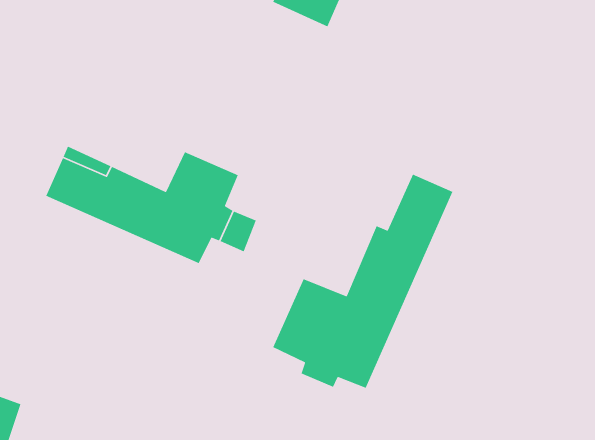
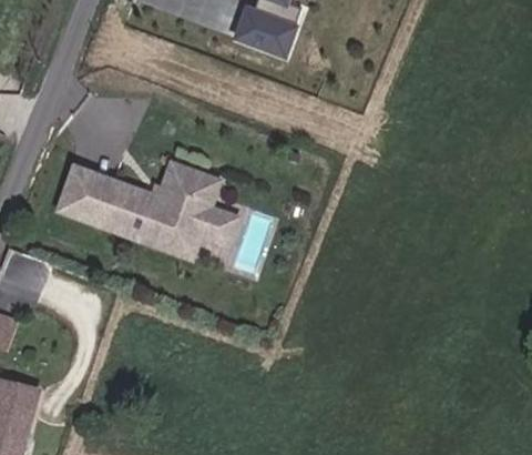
building: [272,174,453,389] -> none

